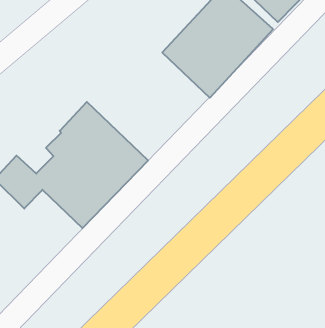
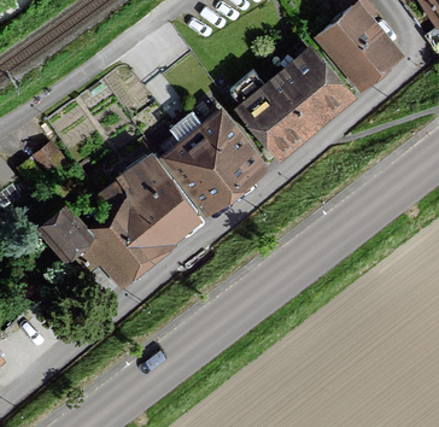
building: none -> [159,110,269,218]

